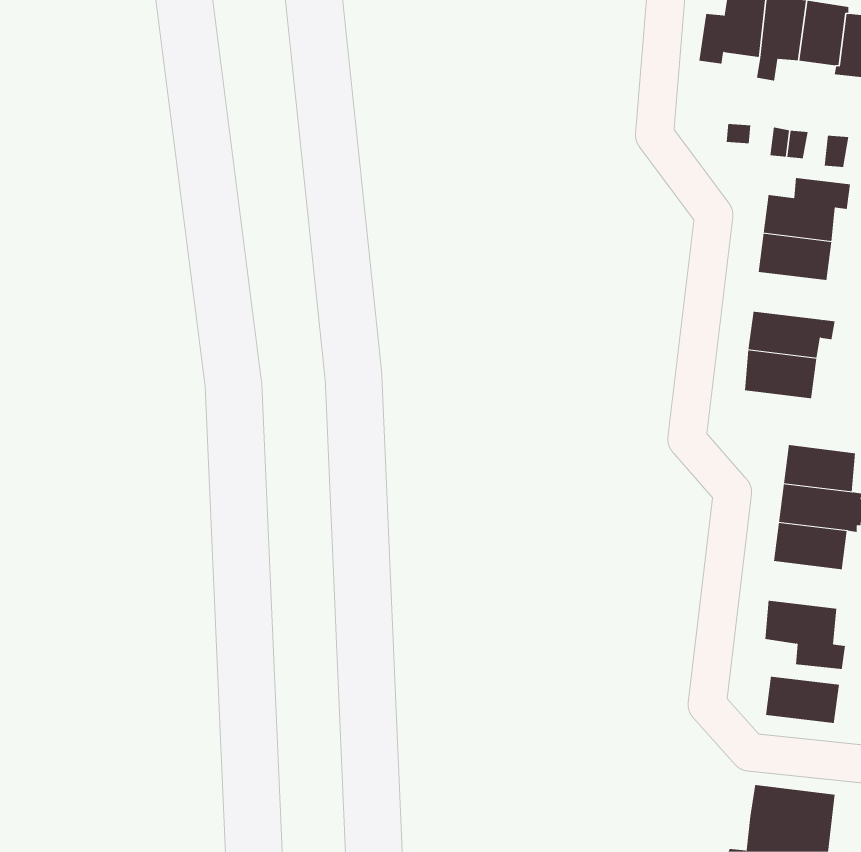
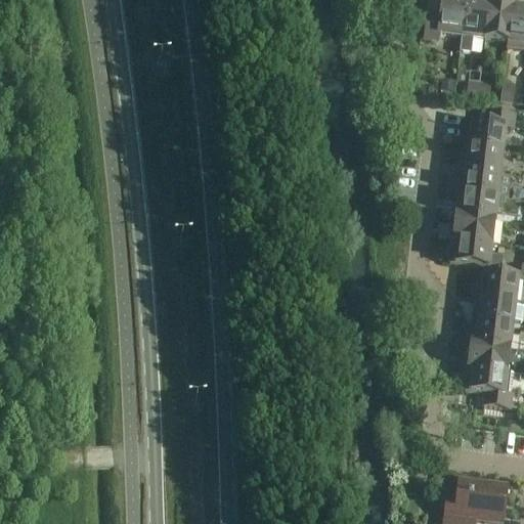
building: none -> [457,165,503,193]
building: none -> [449,236,500,266]
building: [765,676,840,724] -> [467,340,512,368]

